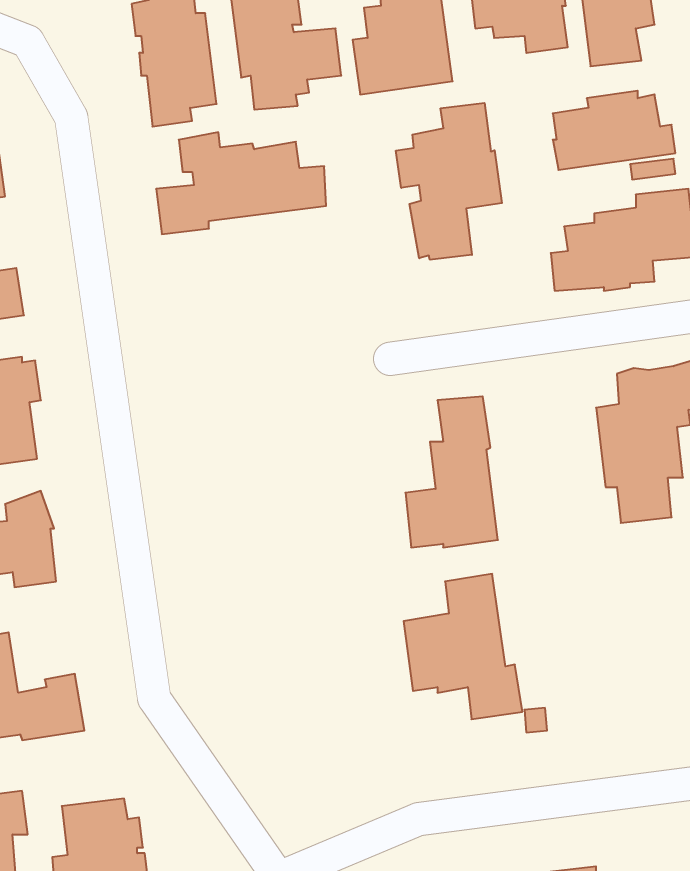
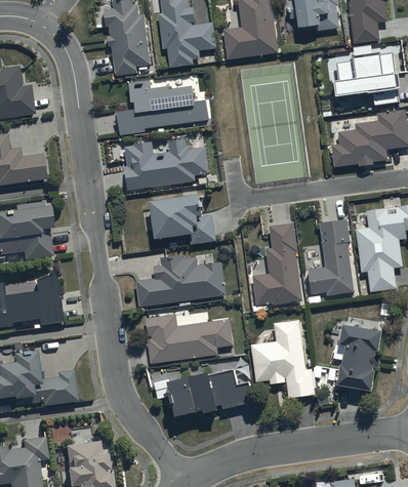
building: [396,103,502,260] -> none
building: none -> [125,137,209,189]
building: none -> [151,193,215,247]
building: none -> [308,220,354,296]
building: none -> [136,254,226,306]
building: none -> [147,314,234,363]
building: none -> [338,321,384,388]
building: none -> [152,372,253,416]

